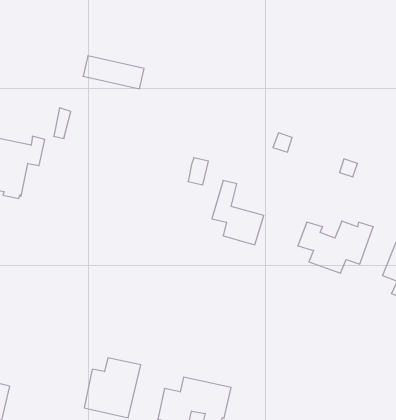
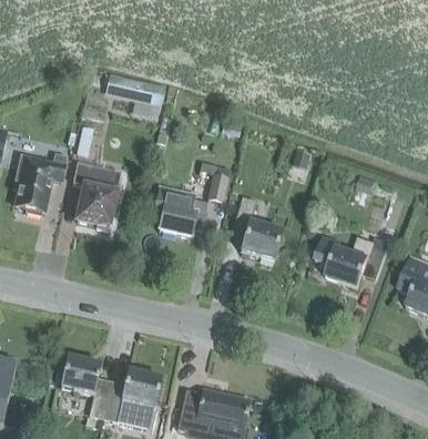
building: none -> [72,163,119,227]
building: none -> [153,186,205,237]
building: none -> [61,357,112,419]

